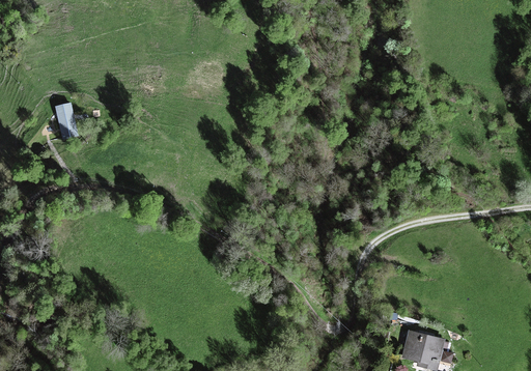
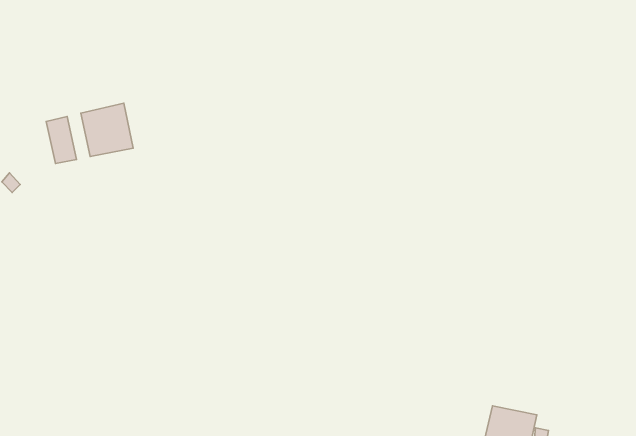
building: none -> [81,103,133,156]

